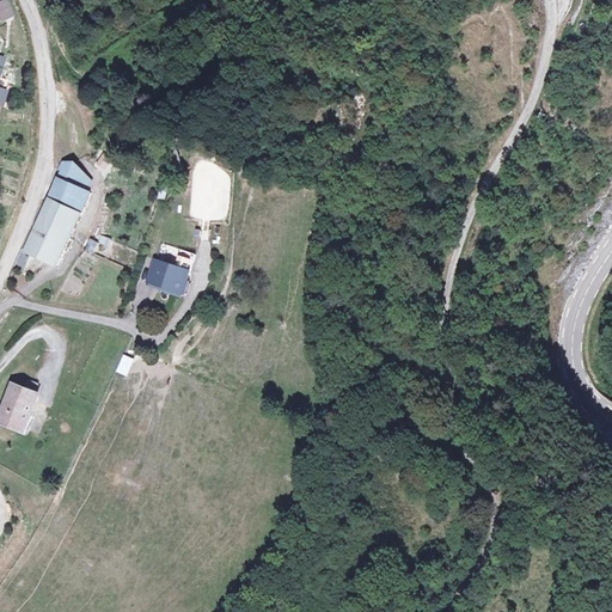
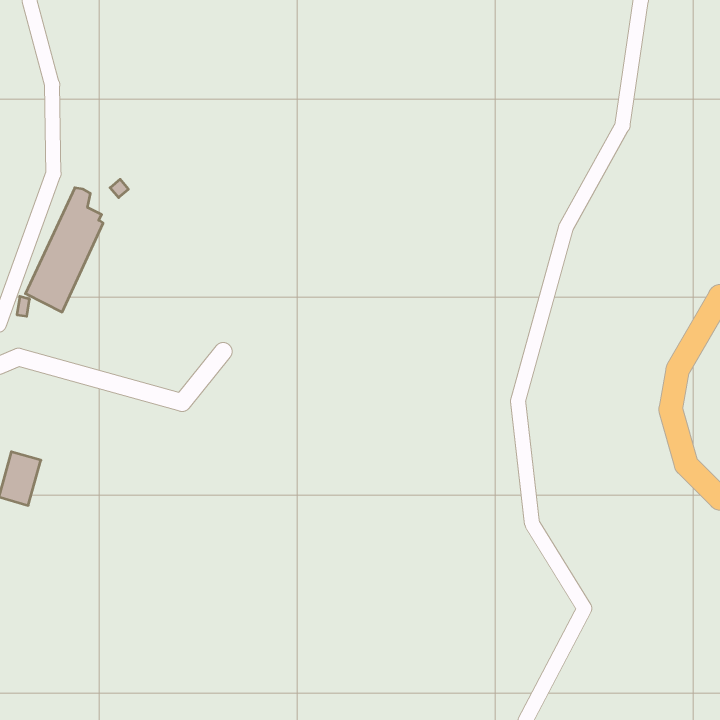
building: [147,263,185,290] -> none

